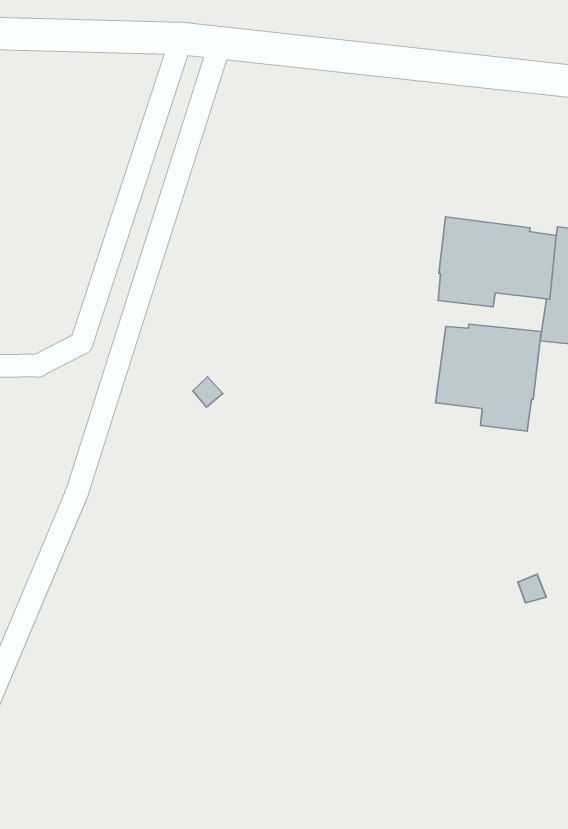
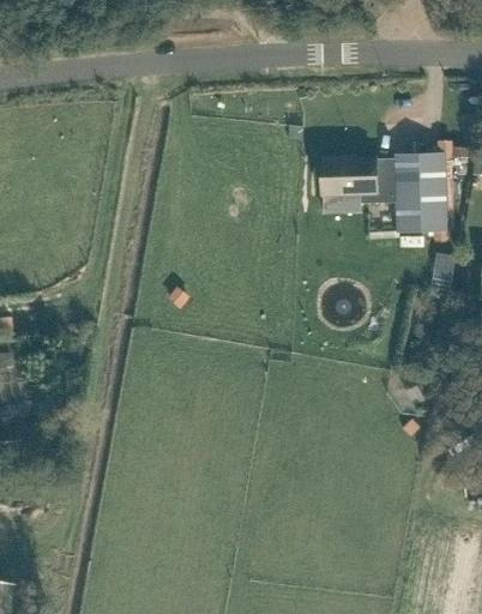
building: [435,324,541,431] -> none

